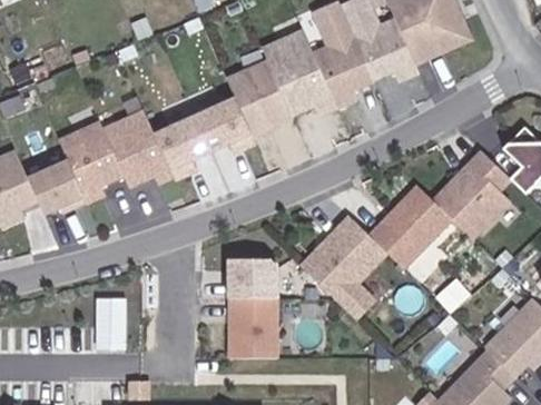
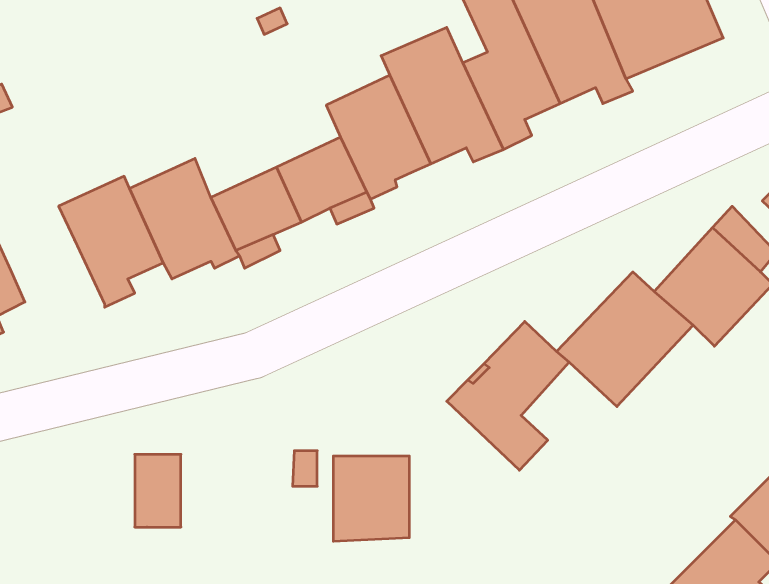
building: [26,165,85,218] -> none
building: [228,259,276,300] -> none

